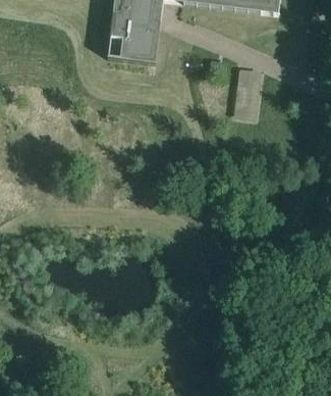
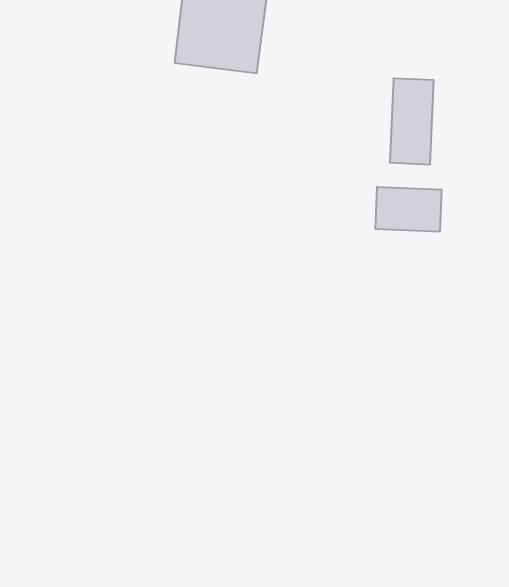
building: none -> [375,187,441,232]

